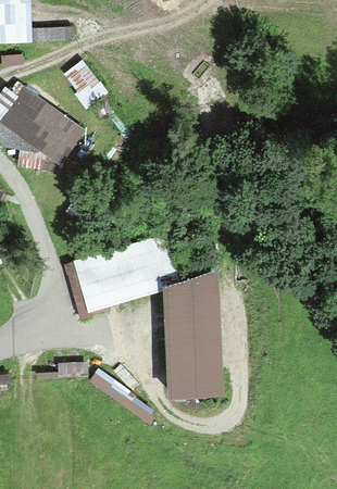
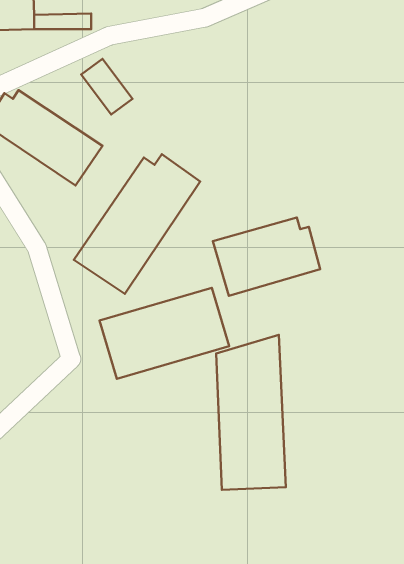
building: none -> [74,154,200,294]
building: none -> [213,217,320,296]

